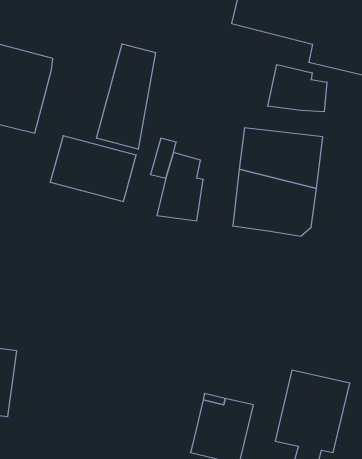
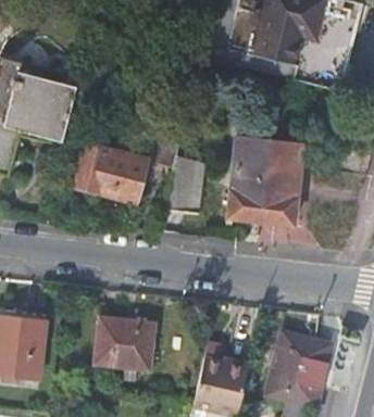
building: [97,44,155,149] -> none
building: [268,65,327,112] -> none
building: none -> [95,318,153,369]

